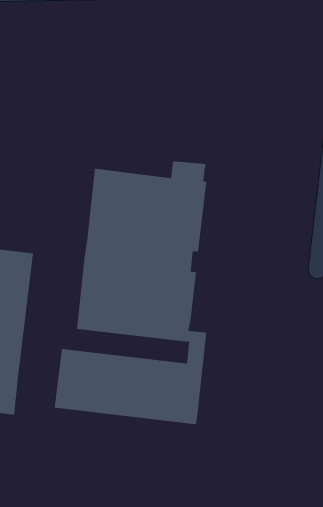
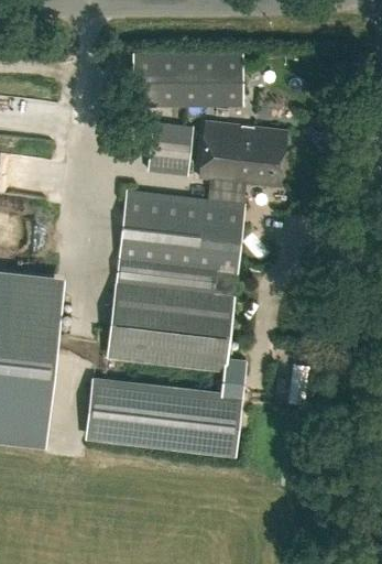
building: none -> [132,53,242,106]
building: none -> [146,123,286,189]

